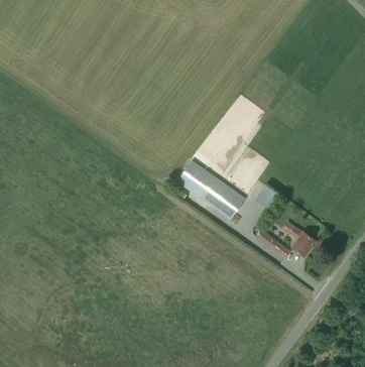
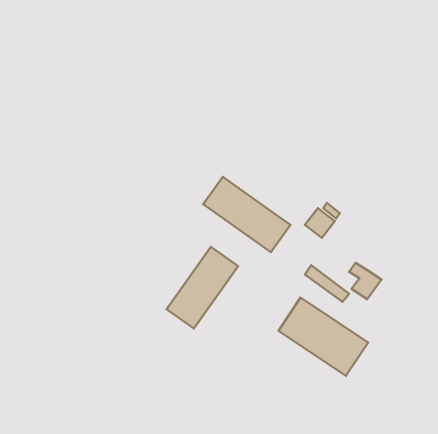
building: none -> [167,247,238,328]
building: none -> [278,297,368,376]

